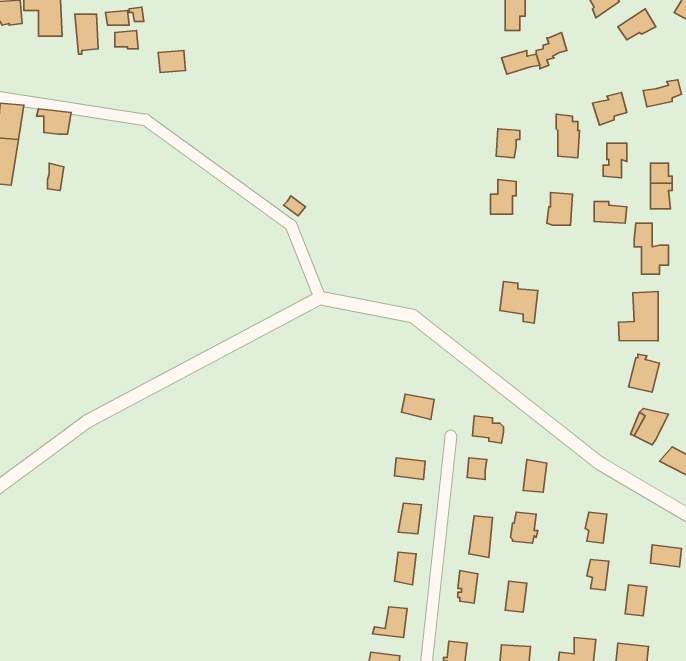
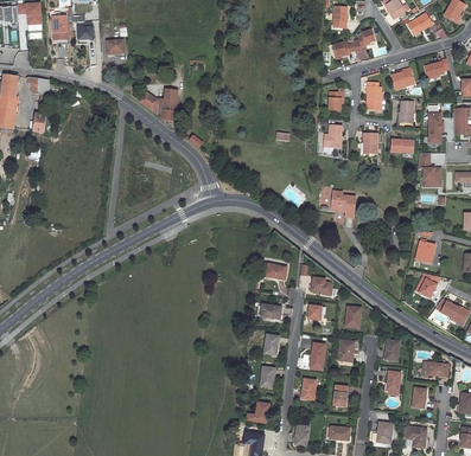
building: none -> [140,88,178,120]
building: [619,292,658,341] -> none

